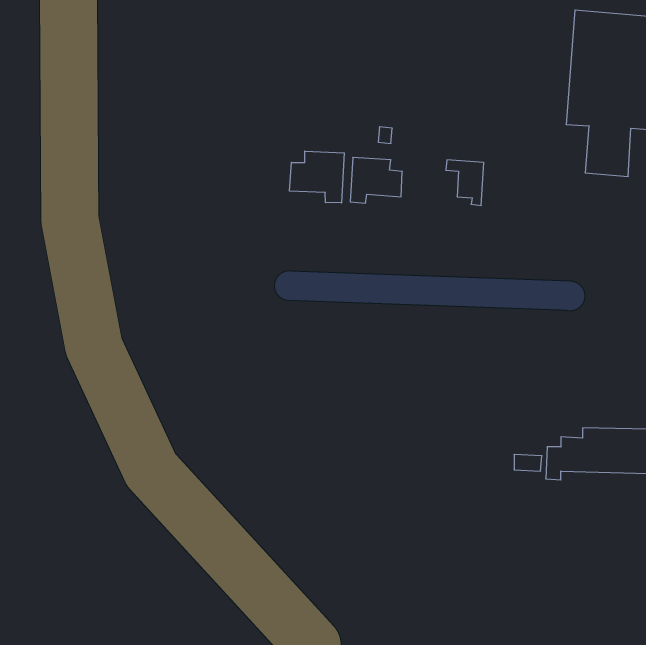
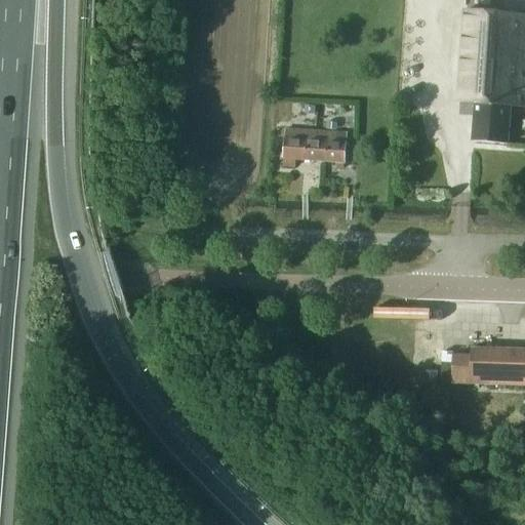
building: [290,151,344,203] -> none
building: [446,160,484,206] -> [317,129,348,166]

